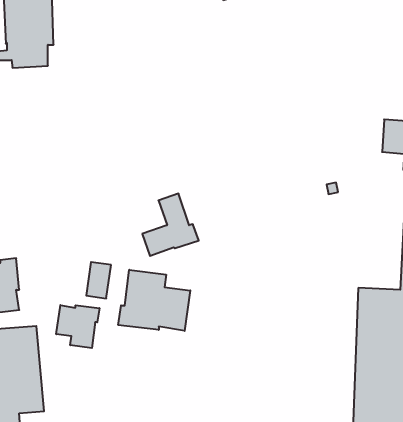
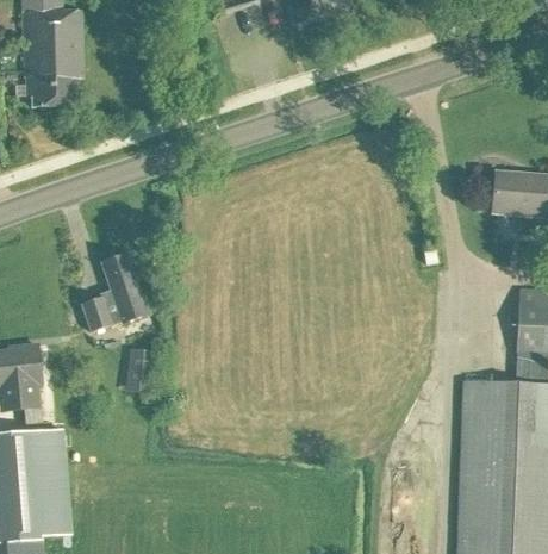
building: [142,194,199,256] -> [82,253,152,330]
building: [118,270,190,331] -> none
building: [56,305,99,348] -> none

